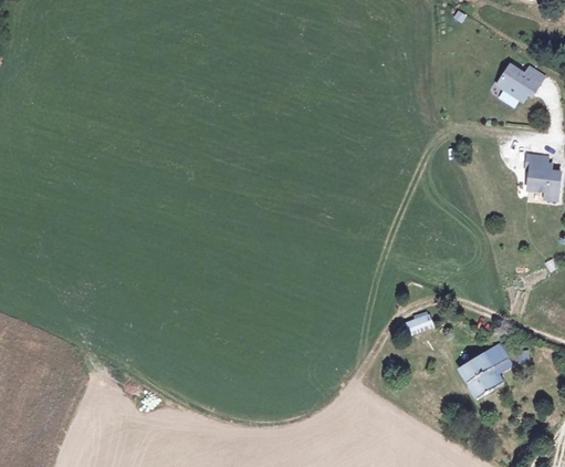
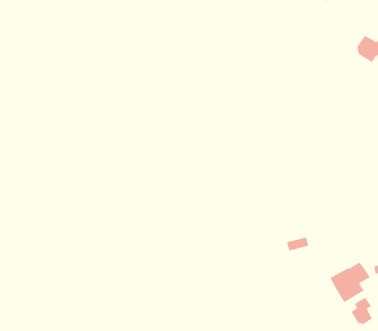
building: none -> [351,297,373,325]

